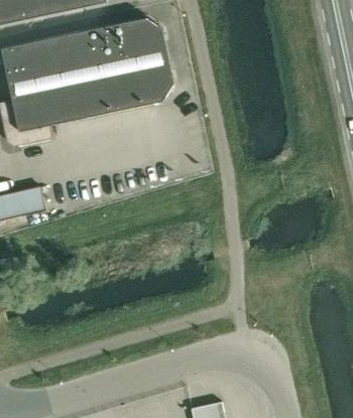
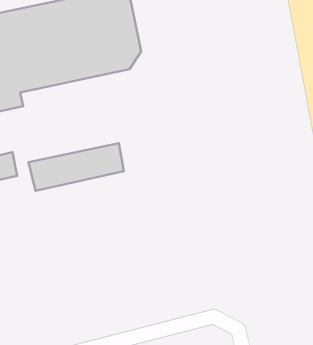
building: none -> [29,143,124,191]

